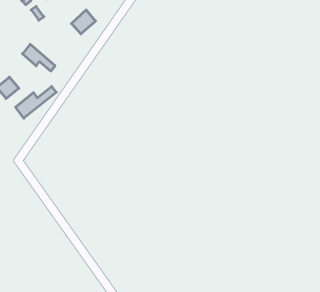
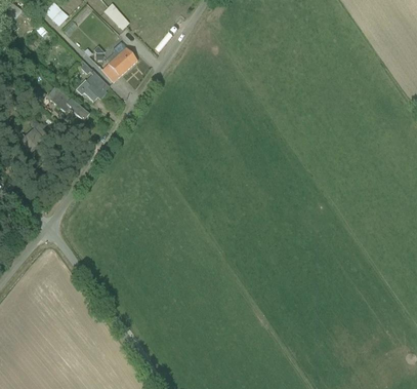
building: none -> [74,70,108,105]
building: [16,86,56,118] -> none

